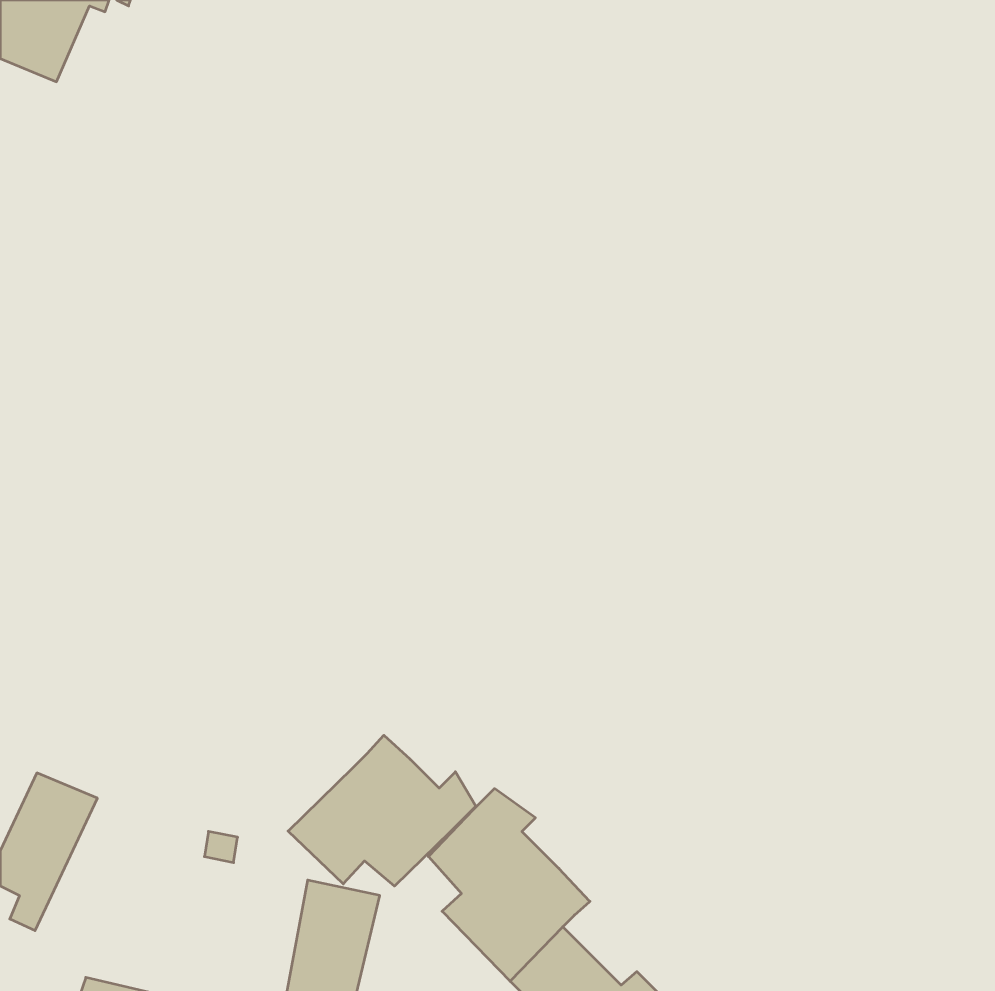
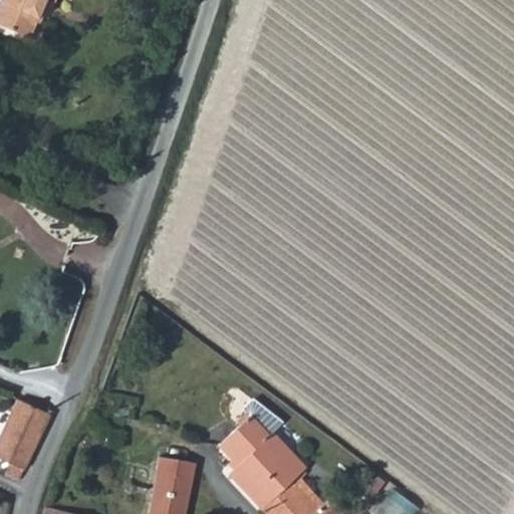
building: [288,735,476,886] -> none

